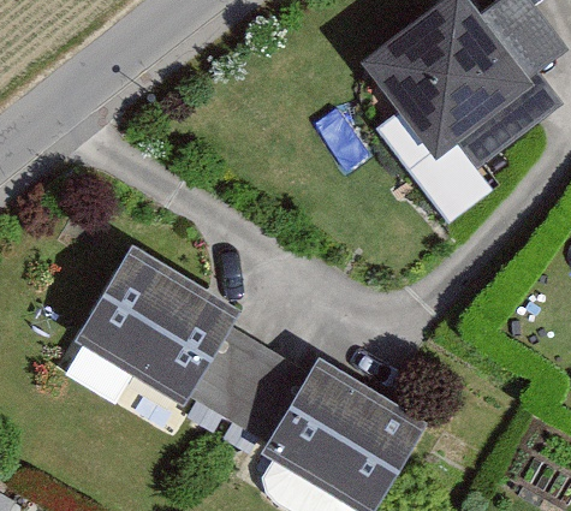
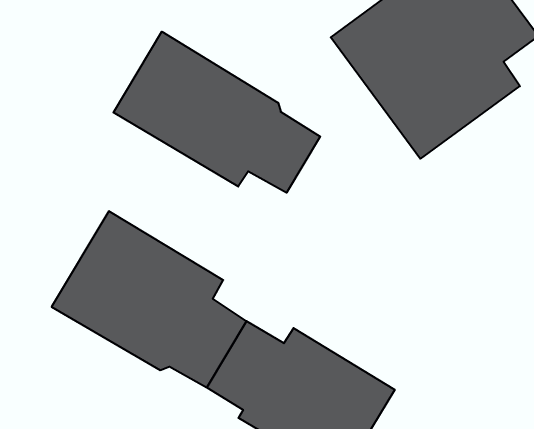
building: none -> [113,32,320,193]

